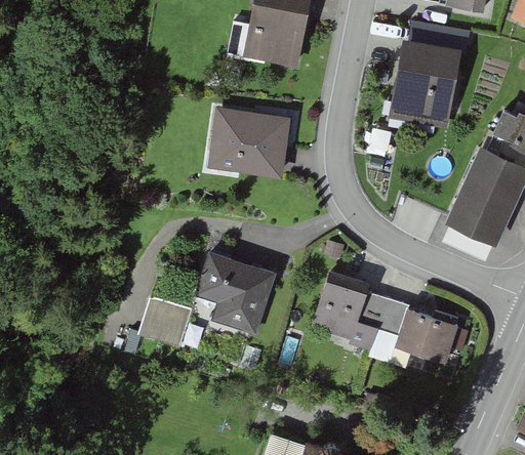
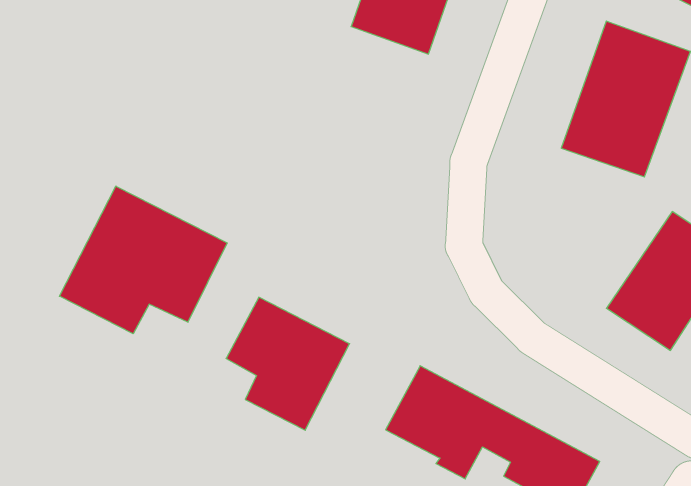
building: [205,107,289,179] -> none
building: none -> [59,186,227,334]
building: [138,298,193,350] -> none

